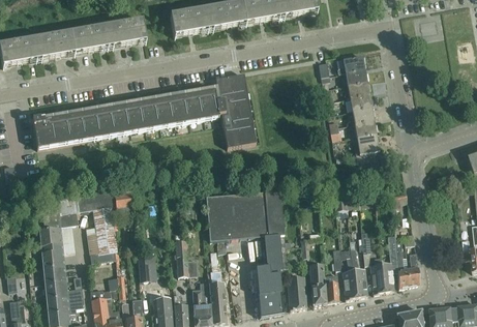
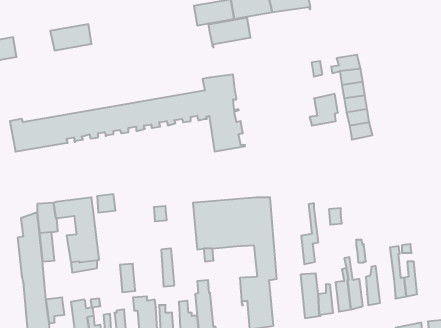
building: [170,8,210,36] -> [208,18,251,47]
building: [107,18,146,44] -> none
building: [35,32,74,57] -> none
building: [353,131,380,161] -> [310,94,338,126]
building: [381,233,397,291] -> [301,203,318,264]
building: [287,277,306,309] -> none

